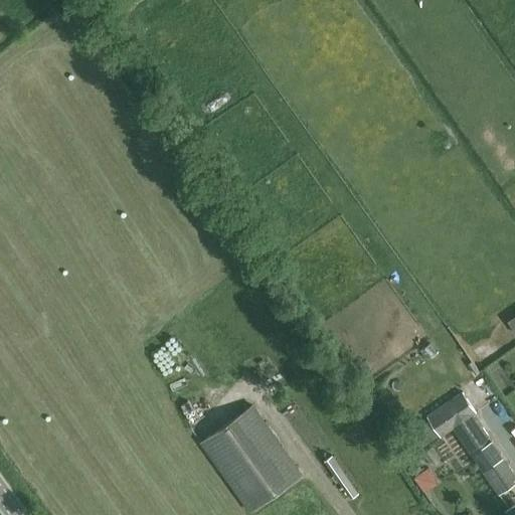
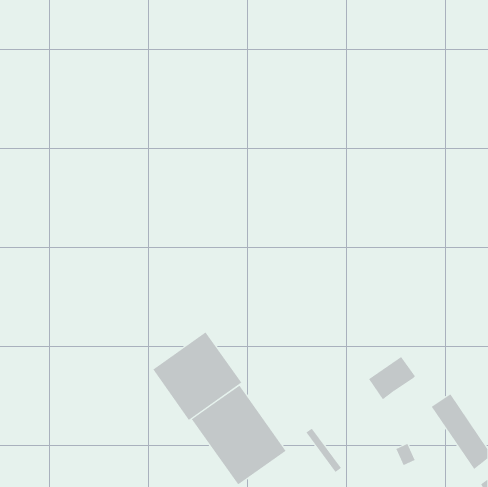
building: none -> [152,331,242,421]
building: [426,392,477,439] -> [368,356,416,400]

